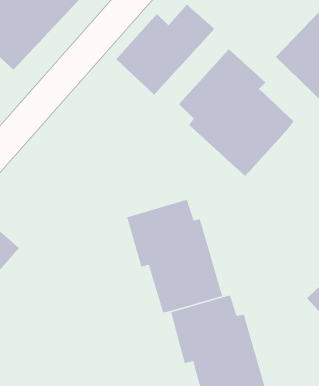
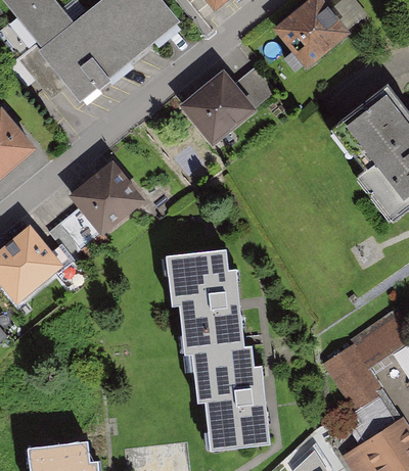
building: [178,48,294,177] -> none
building: none -> [60,163,144,247]

